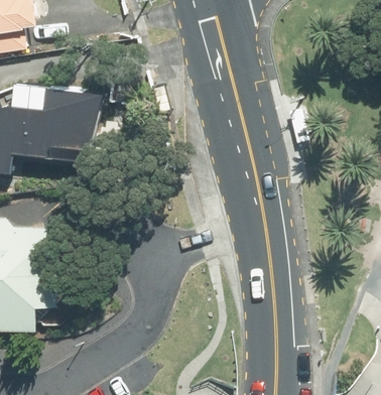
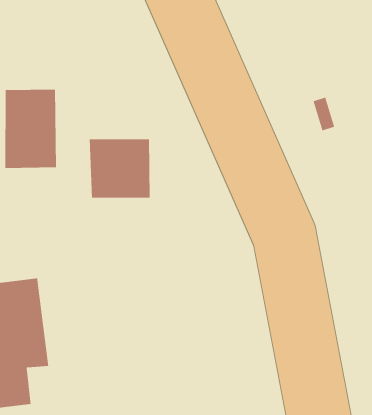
building: none -> [89,139,150,199]

